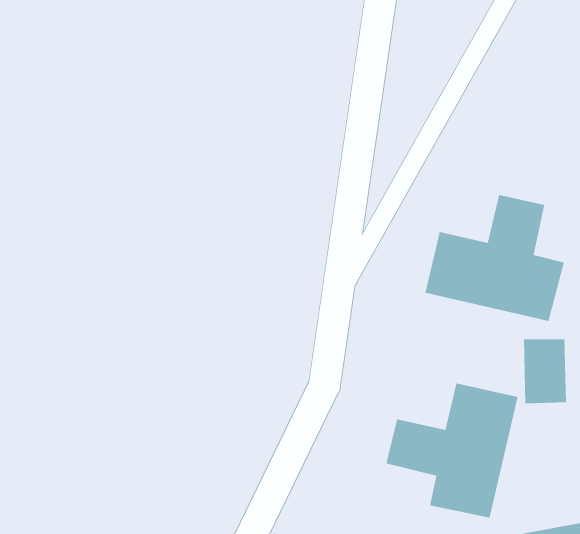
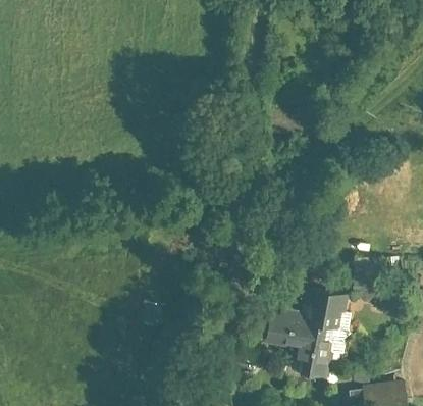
building: [425,194,565,322] -> none

